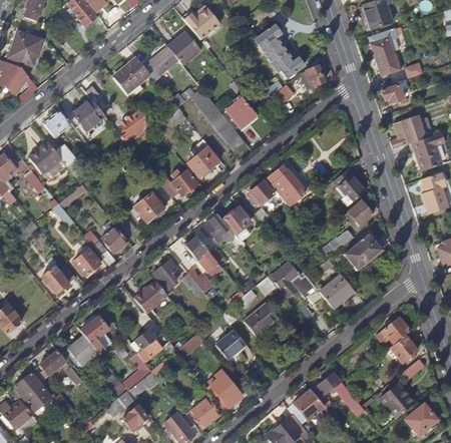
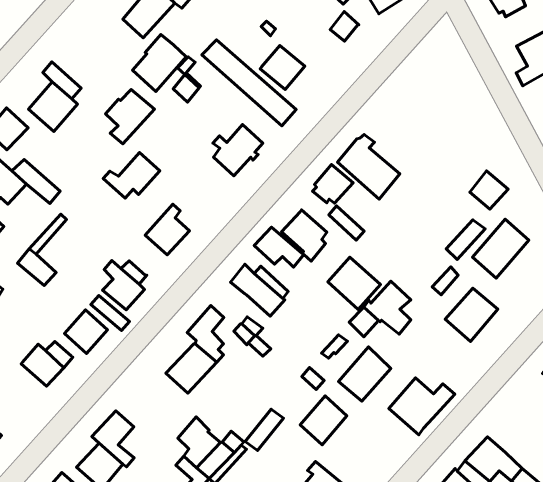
building: [114,57,150,93] -> [132,35,186,91]
building: [161,169,198,197] -> [103,152,160,198]
building: [339,174,366,200] -> none
building: none -> [328,257,380,309]
building: none -> [389,378,455,435]

